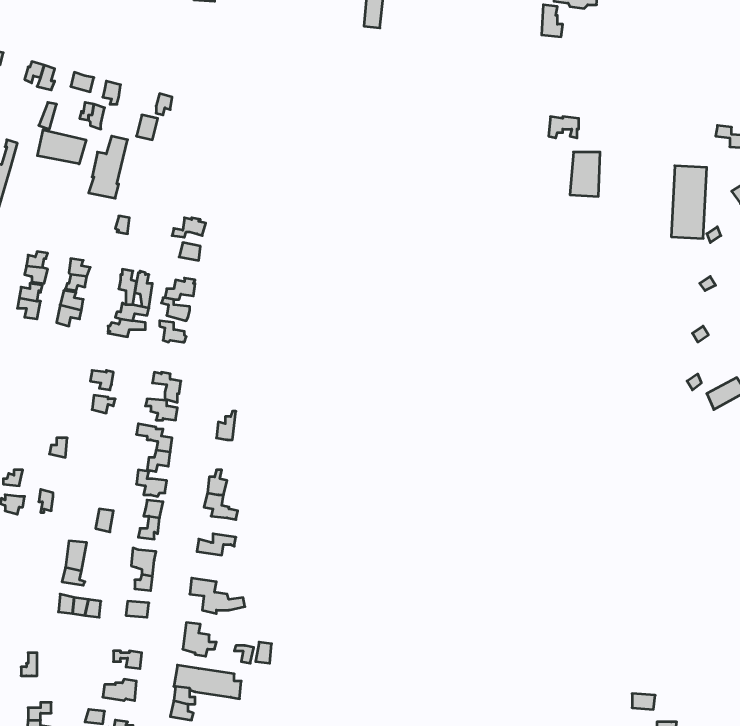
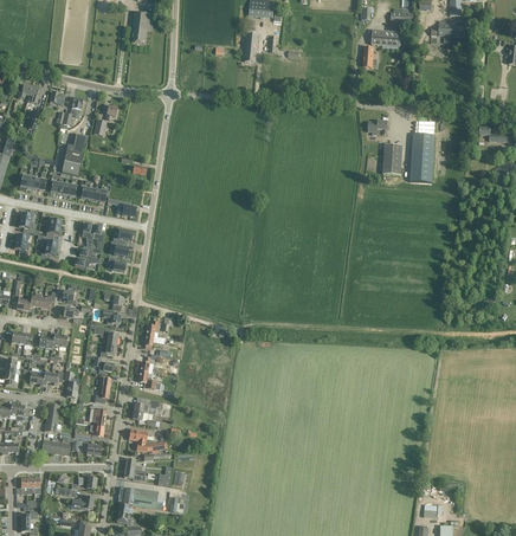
building: [37,130,86,164] -> none
building: [671,166,707,238] -> [411,134,434,182]

